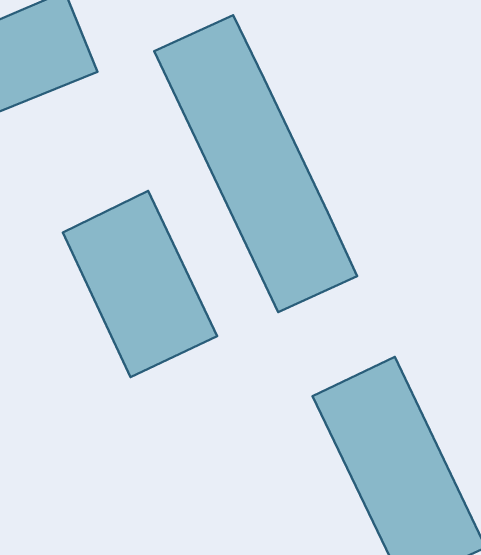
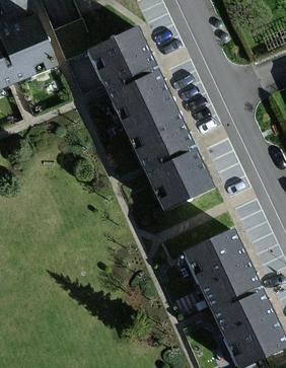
building: [63,191,217,377] -> none

